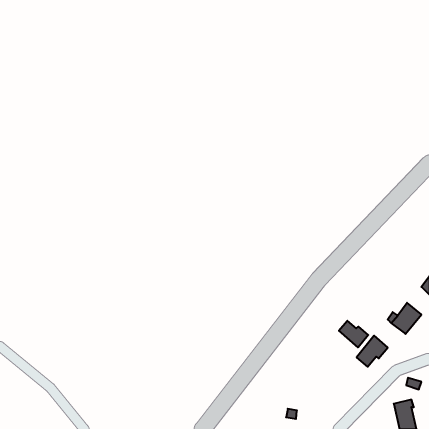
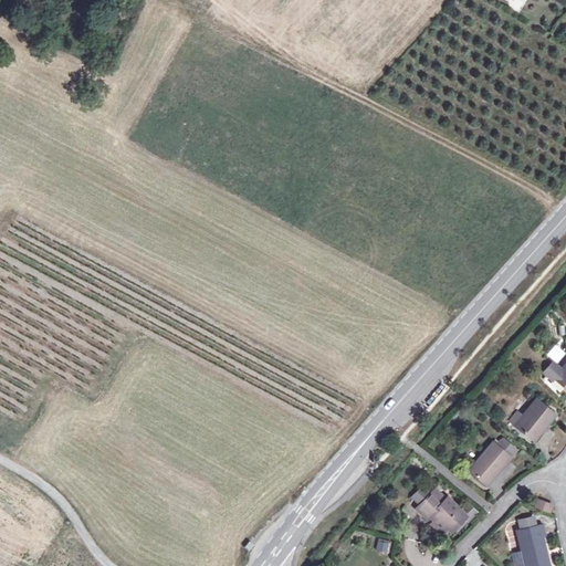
building: [339,321,368,347] -> none
building: none -> [419,491,467,534]

